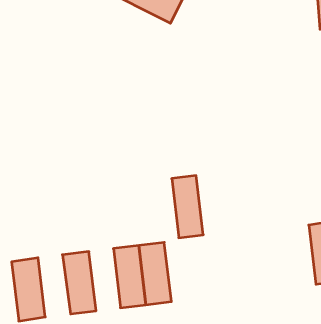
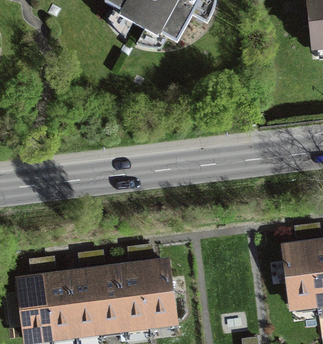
building: [172,176,203,238] -> [92,265,123,326]
building: none -> [281,242,315,303]
building: none -> [42,271,74,332]

